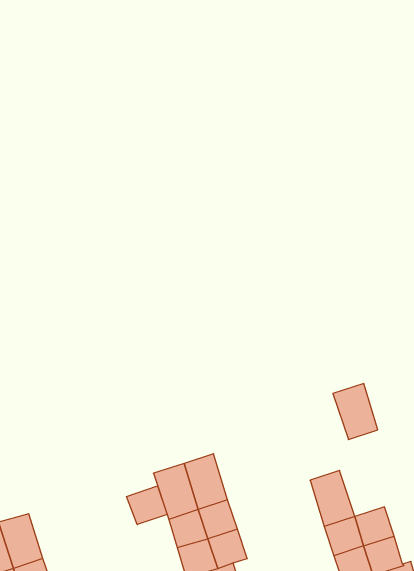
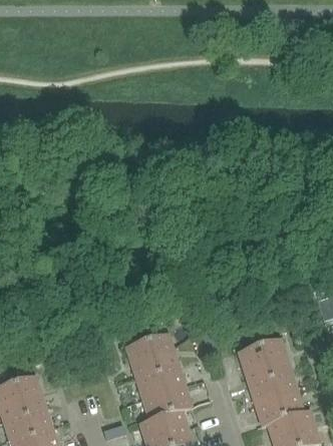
building: [333,384,378,440] -> [259,338,291,378]
building: [126,486,167,525] -> none

